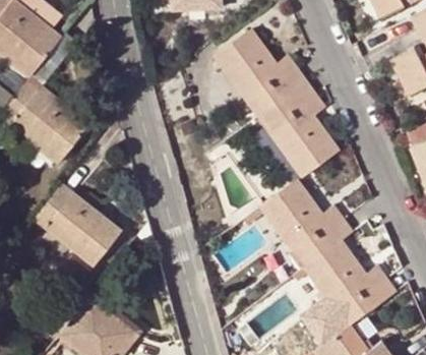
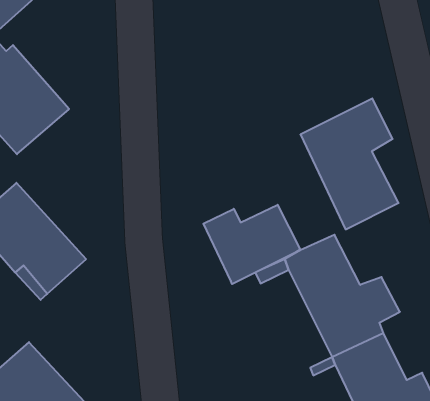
building: [216,31,305,114] -> none
building: none -> [203,205,300,284]

